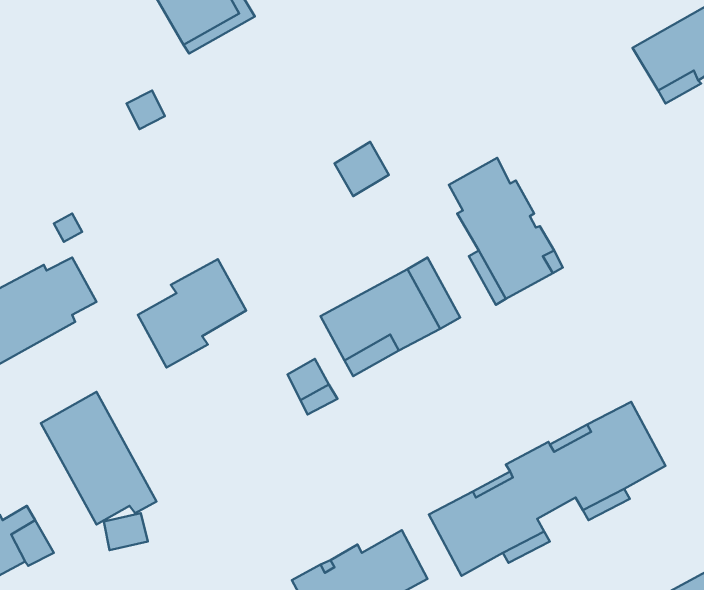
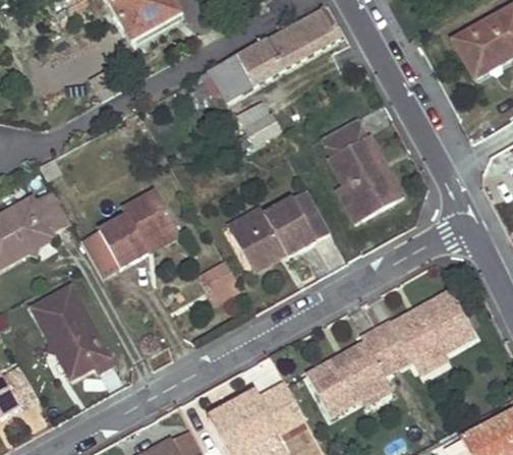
building: none -> [210,9,342,101]
building: none -> [80,229,119,277]

